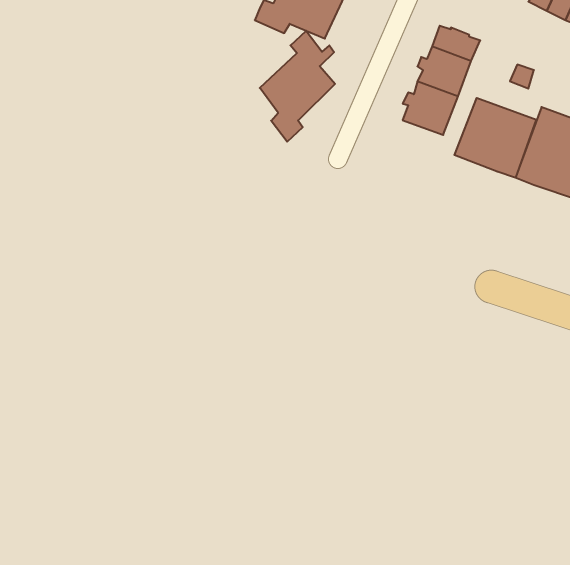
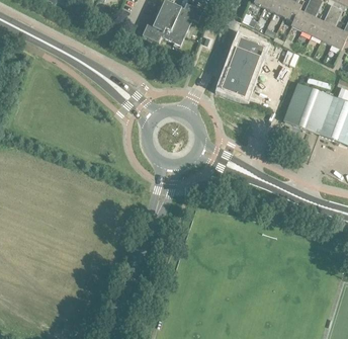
building: [260,31,335,142] -> none
building: [454,98,536,178] -> none

